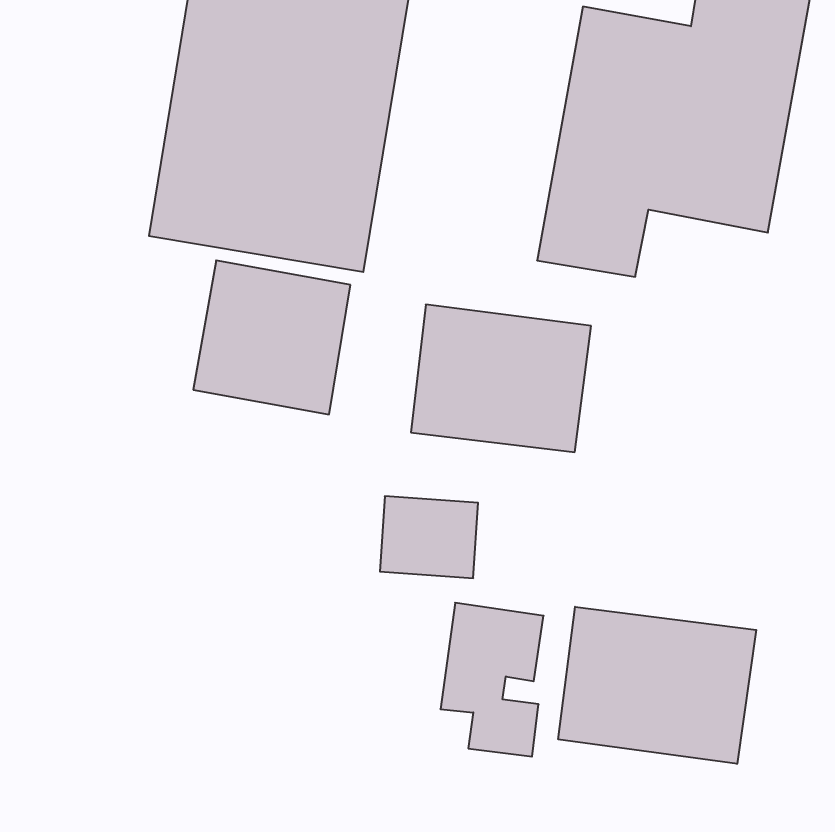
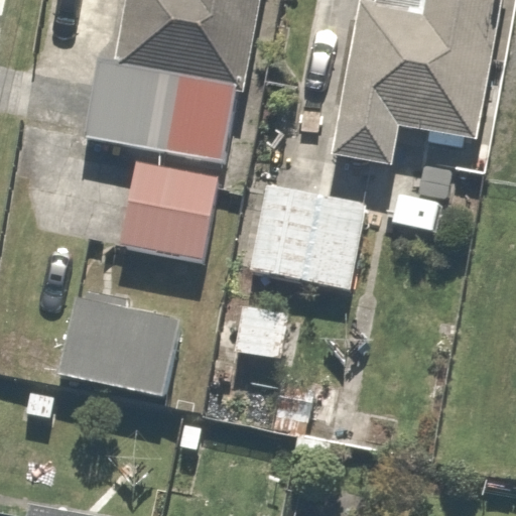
building: none -> [47,301,173,390]
building: [558,607,756,764] -> none

